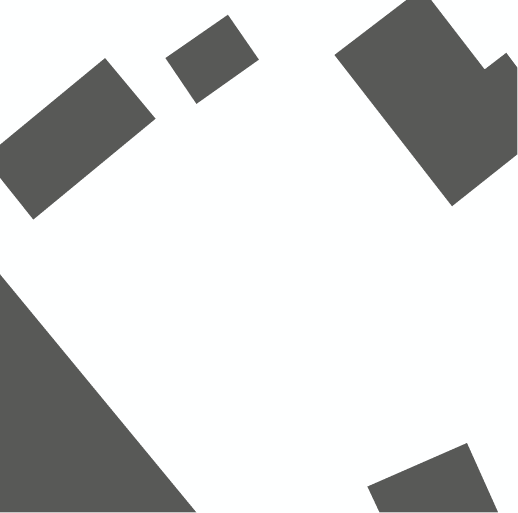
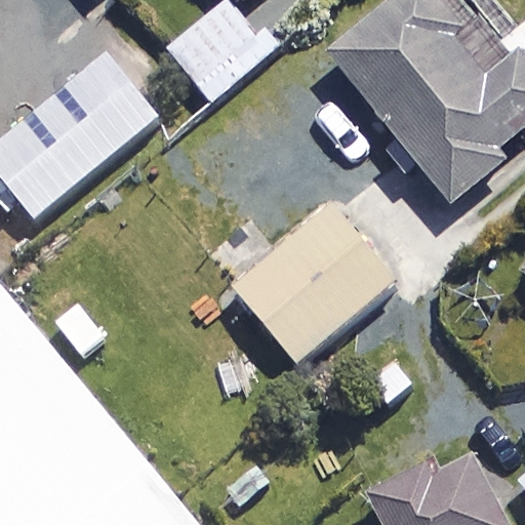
building: none -> [198,206,394,365]

